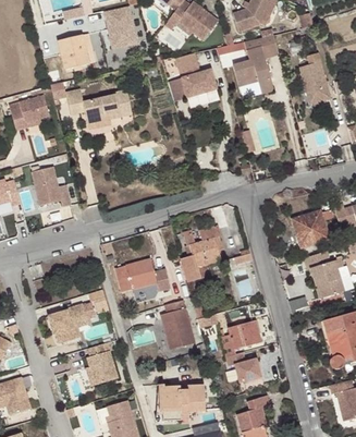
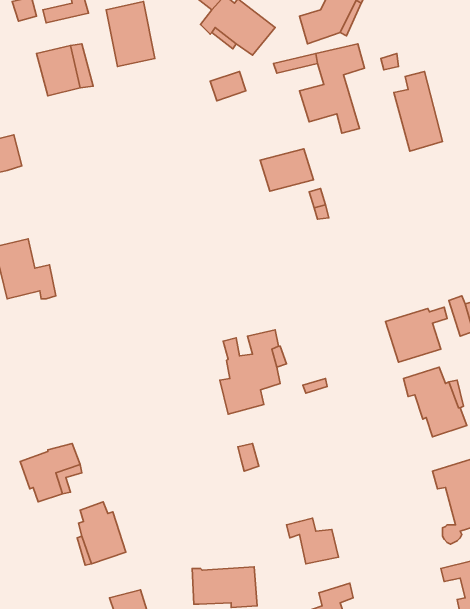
building: [181,71,217,99] -> [260,149,314,191]
building: [69,90,132,124] -> none
building: [114,258,167,293] -> none
building: [160,301,195,351] -> none
building: [220,320,261,356] -> none

